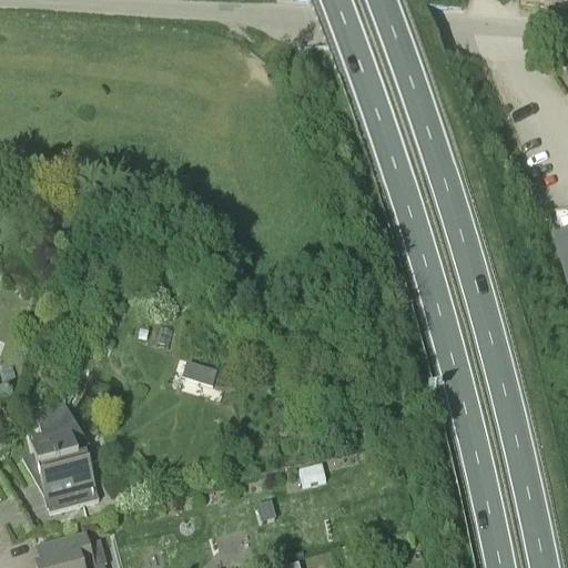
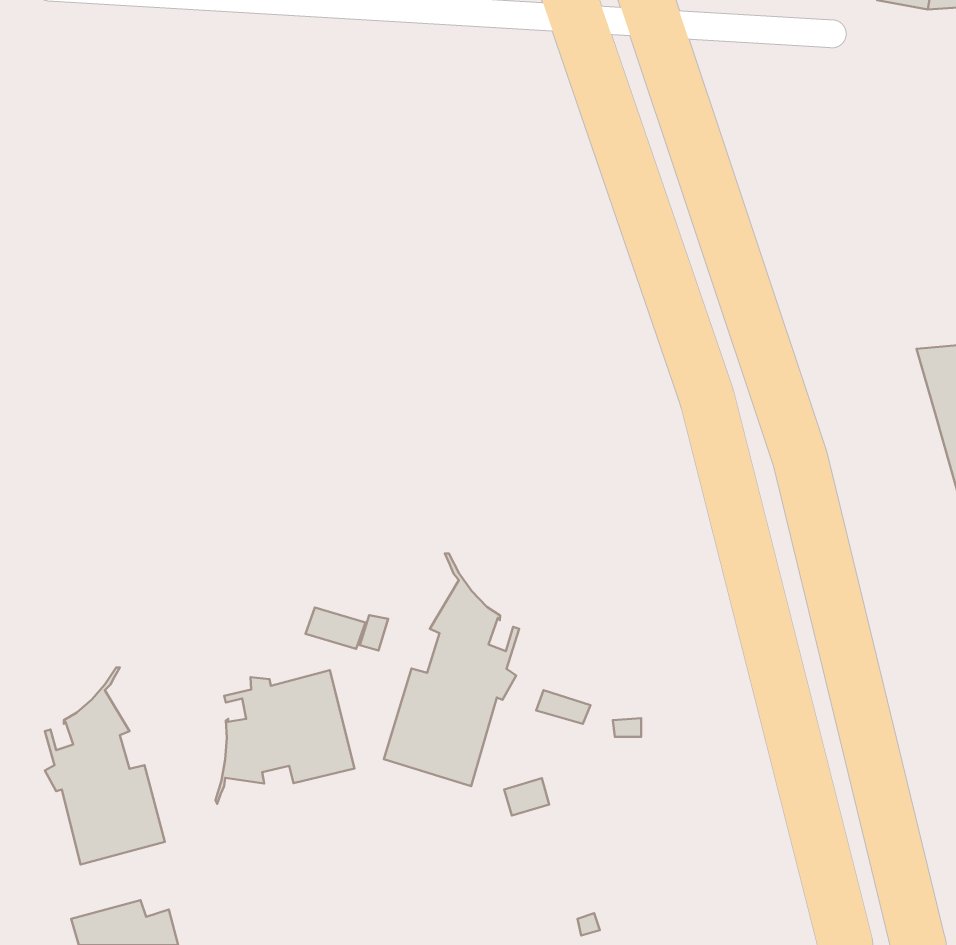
building: none -> [384,553,519,786]
building: none -> [216,670,355,804]

